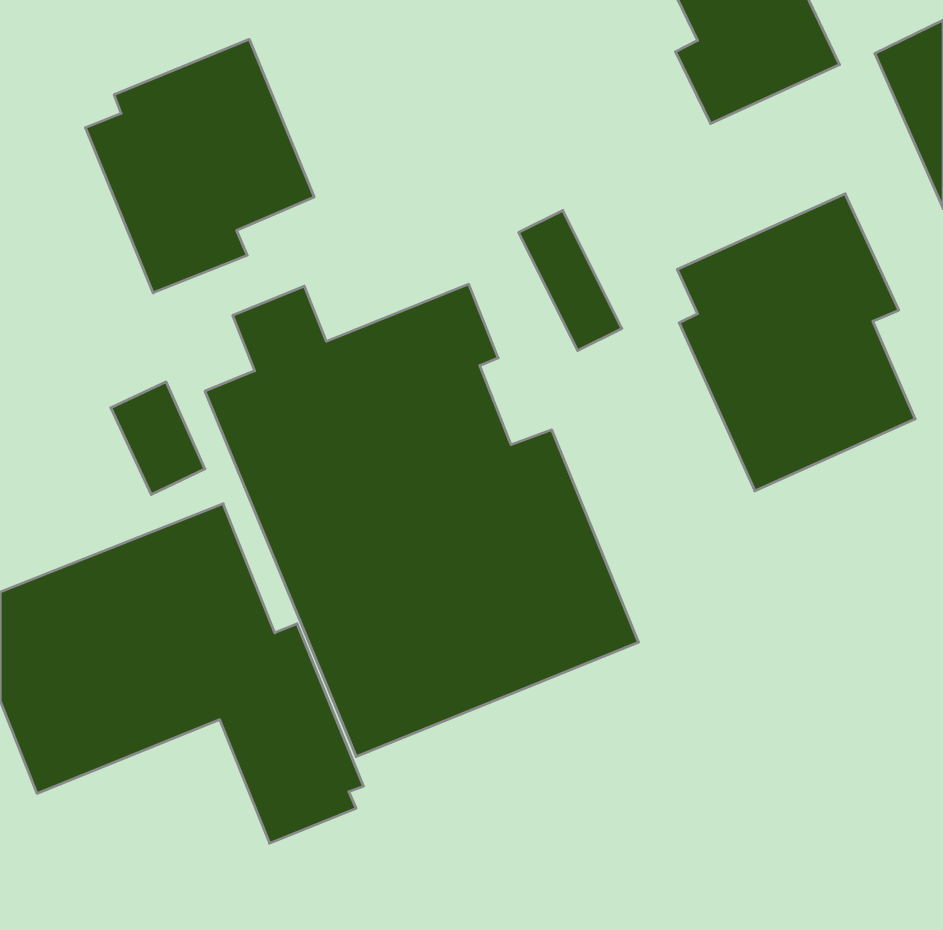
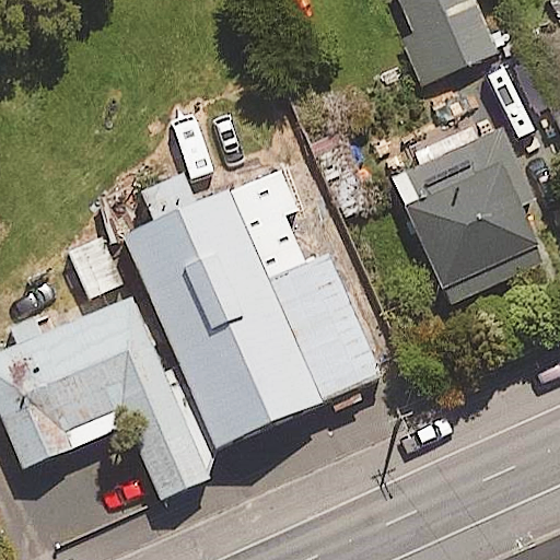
building: [85,39,314,293] -> none

